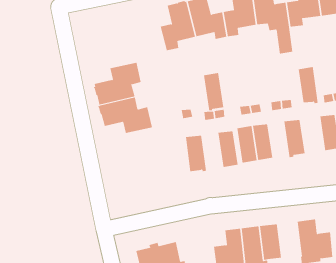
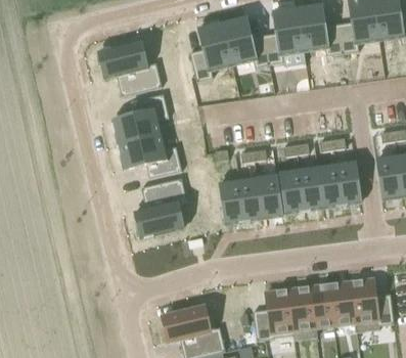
building: none -> [96,41,162,96]
building: [298,66,319,104] -> [317,164,342,208]
building: [203,73,224,111] -> [239,177,264,222]
building: none -> [135,178,187,239]
building: none -> [328,281,356,324]

